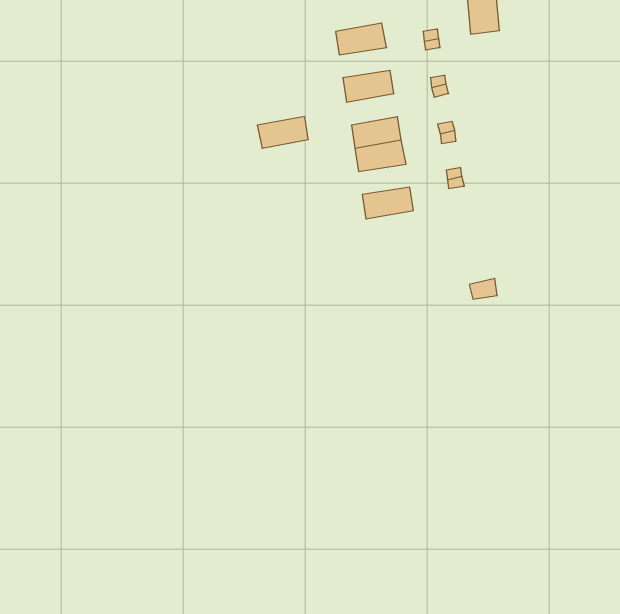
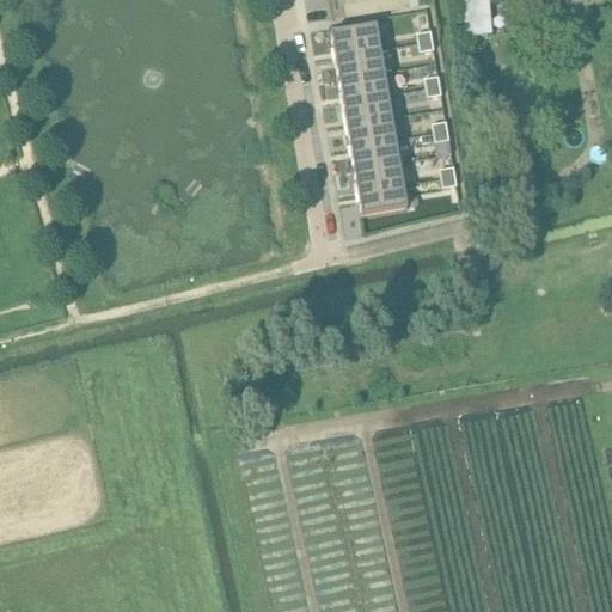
building: none -> [335,47,385,76]
building: [257,117,308,148] -> [342,92,392,123]
building: none -> [354,161,404,191]

